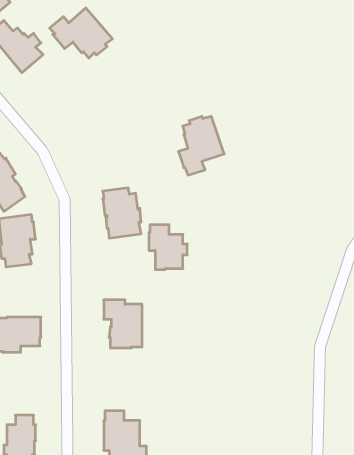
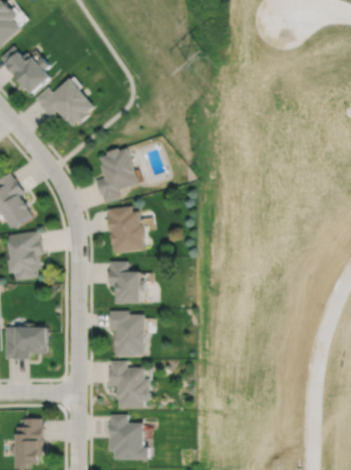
building: [50,8,112,58] -> [35,81,94,128]
building: [178,116,224,175] -> [95,147,138,202]
building: [149,225,187,270] -> [108,262,144,304]
building: none -> [107,361,148,408]

